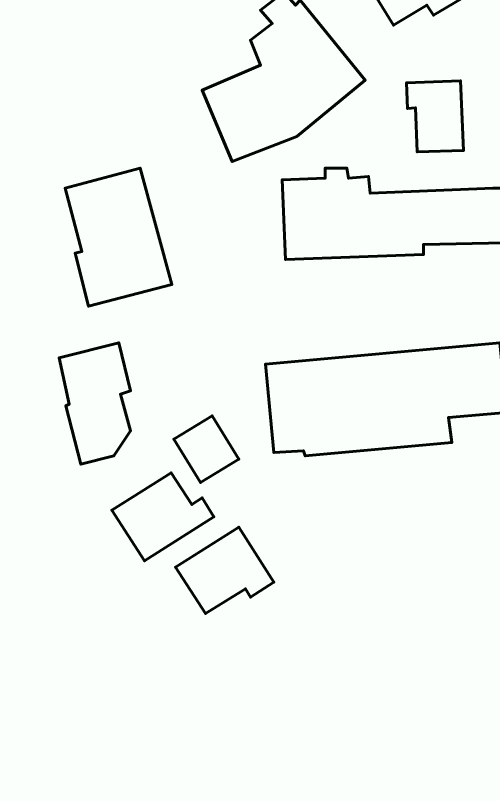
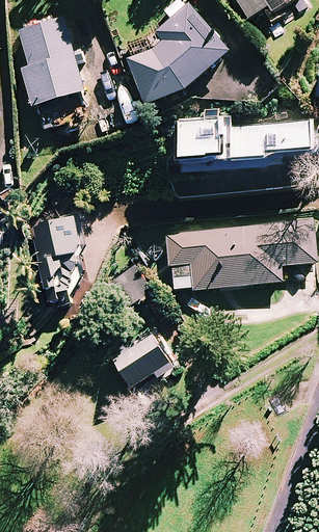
building: [407,81,463,152] -> none
building: [65,168,172,306] -> [18,19,84,105]
building: [112,473,214,561] -> none

